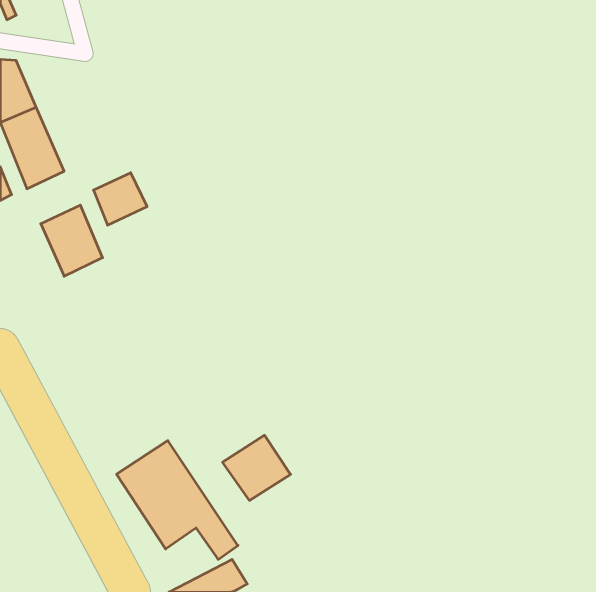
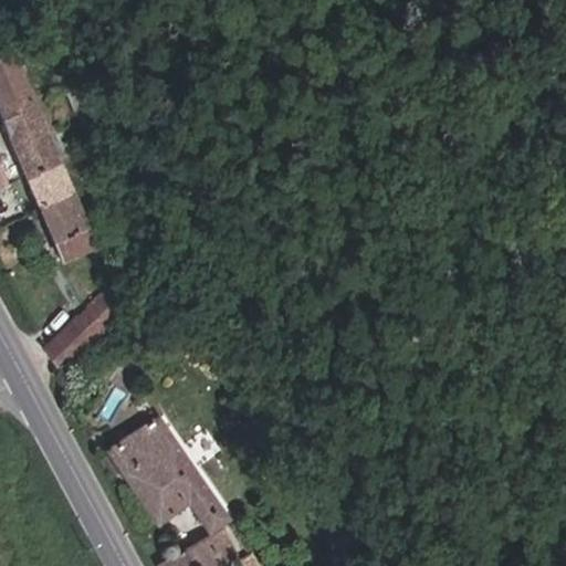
building: [93,173,147,225] -> [25,163,76,212]
building: none -> [46,284,125,367]
building: [223,435,291,500] -> none

